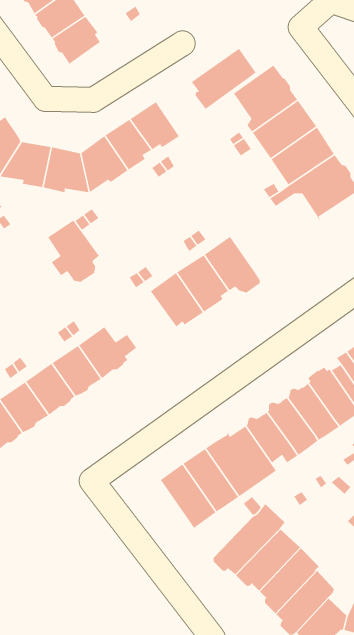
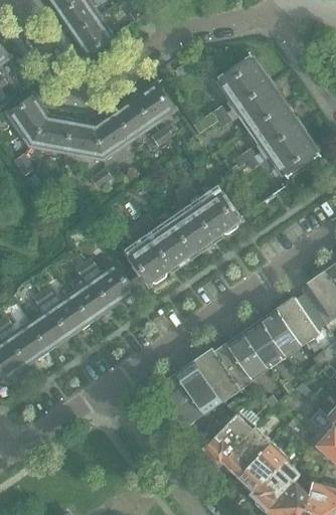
building: [191,48,257,110] -> none
building: [47,220,100,282] -> [130,235,172,286]

